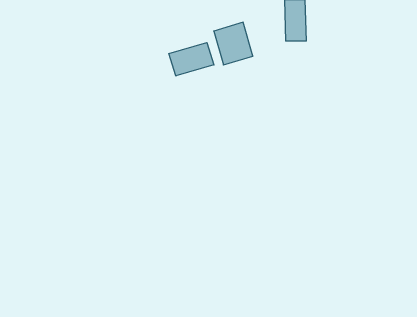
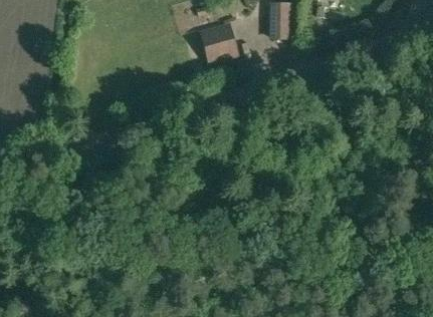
building: [169,43,214,76] -> none

